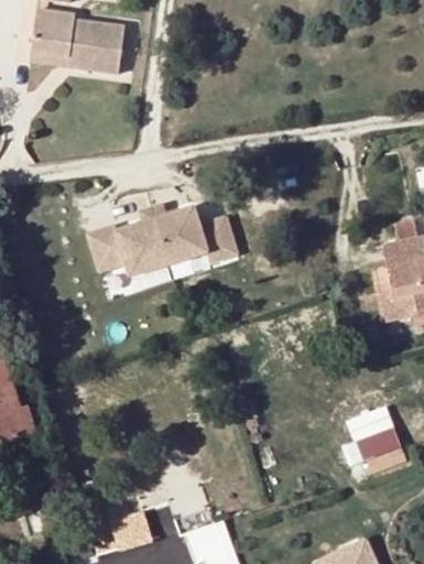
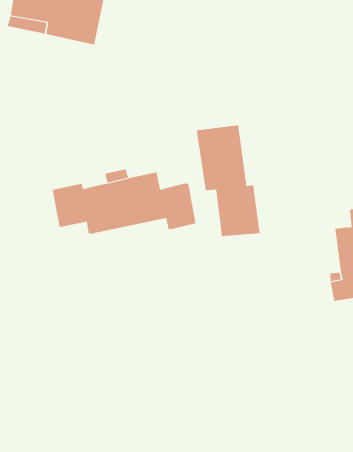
building: none -> [196,124,260,237]
building: [351,403,406,470] -> none

